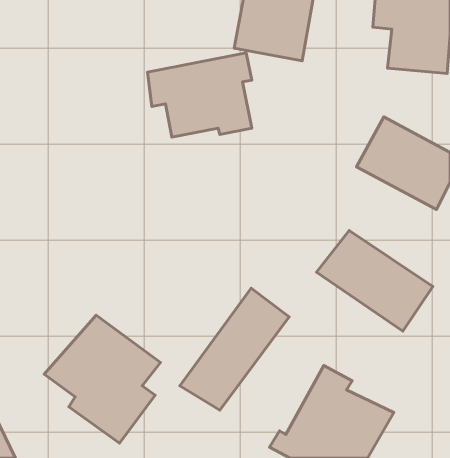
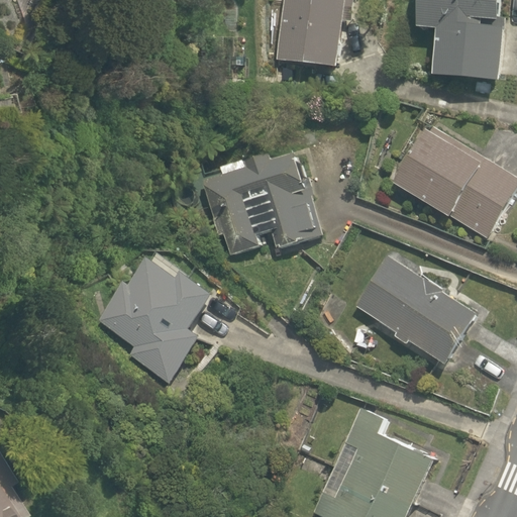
building: [147,53,252,137] -> [193,153,309,247]
building: [180,288,289,410] -> none
building: [44,315,160,443] -> [90,244,219,387]

